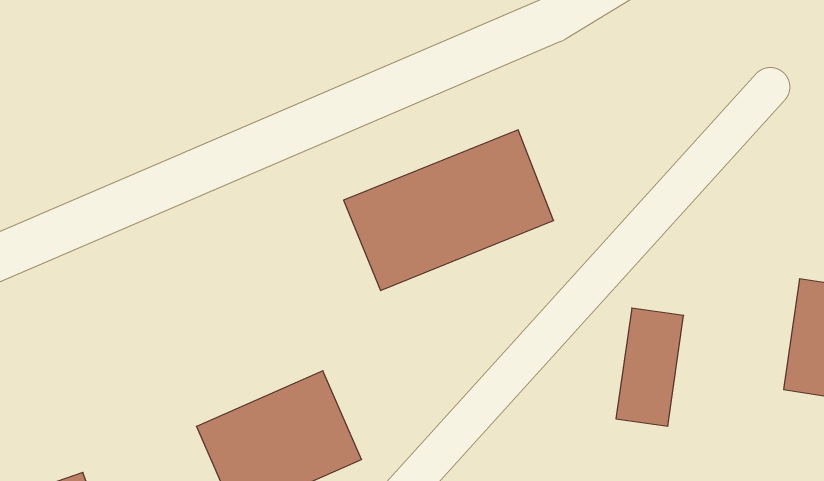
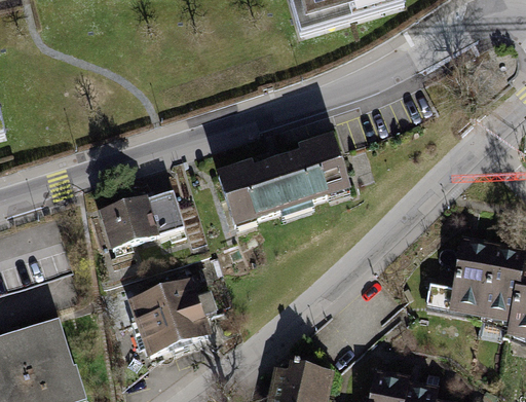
building: none -> [105,190,184,257]
building: [616,308,684,426] -> [446,234,492,307]

